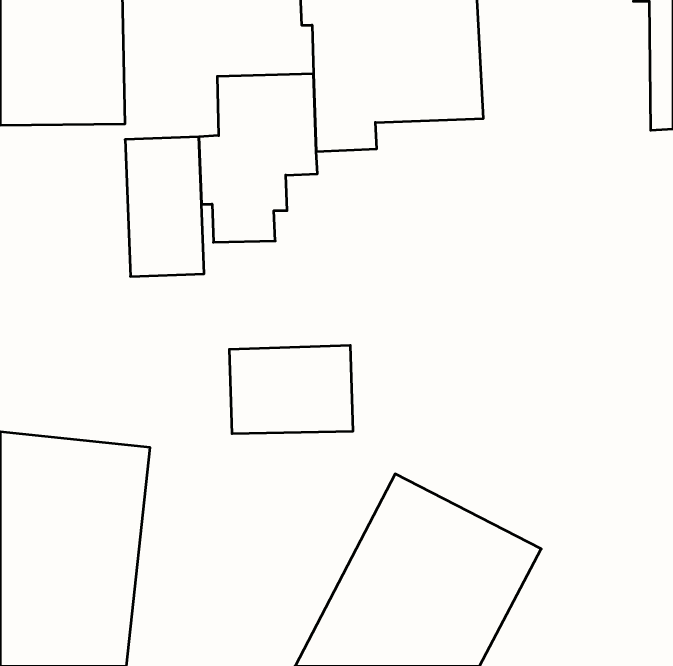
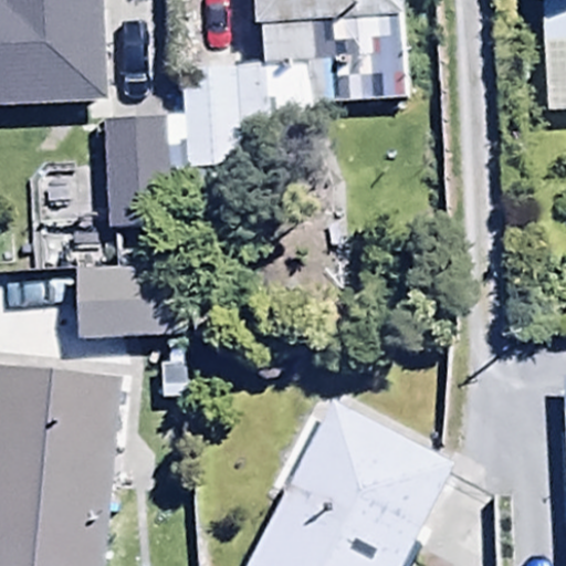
building: [229,345,353,434] -> [74,268,178,342]

